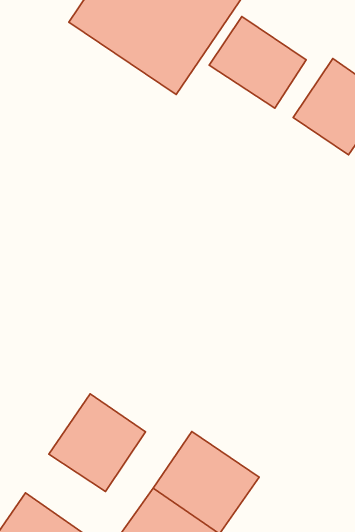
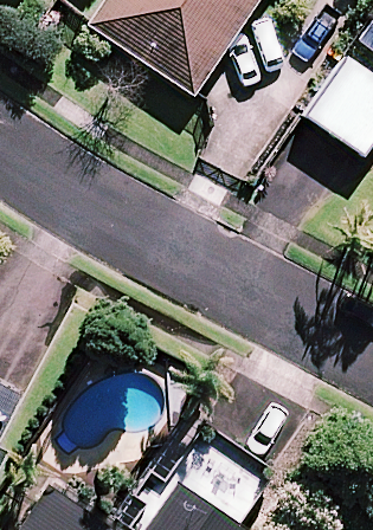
building: [209,16,306,108] -> none
building: [49,394,146,492] -> none

